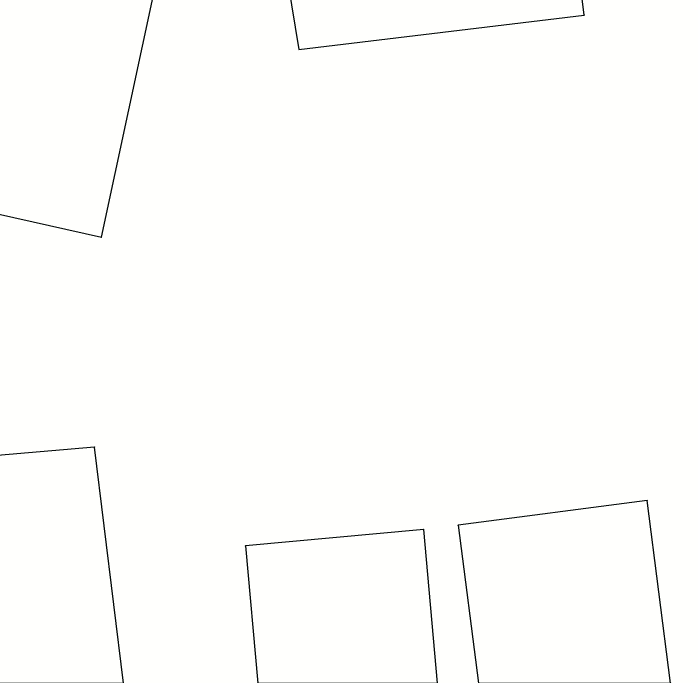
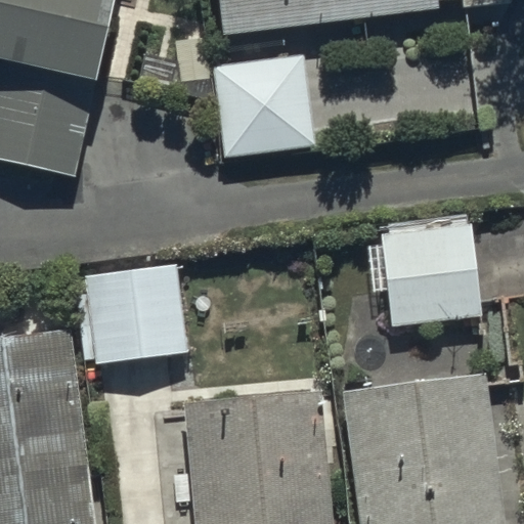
building: none -> [212,54,312,156]
building: none -> [365,222,479,323]
building: none -> [89,264,187,365]

